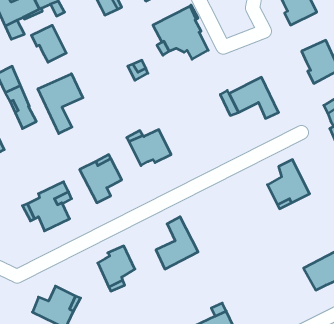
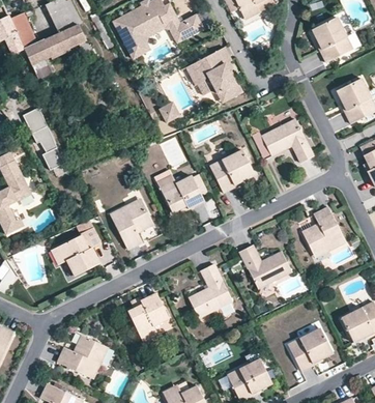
building: [31,25,66,62] -> none
building: [38,74,83,134] -> none
building: none -> [208,147,253,190]
building: none -> [238,243,290,286]
building: none -> [287,326,330,369]

